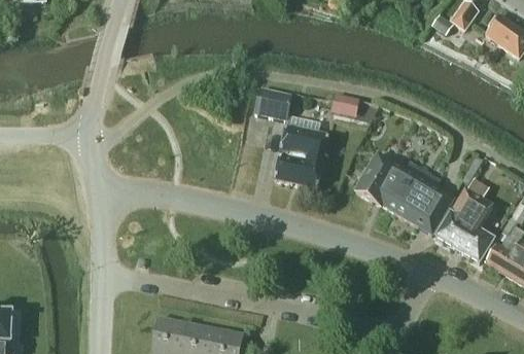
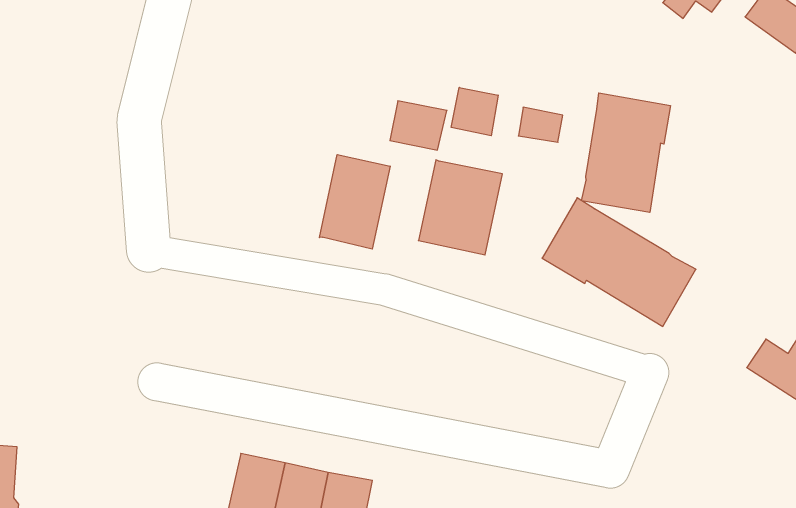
building: none -> [451,87,498,136]
building: none -> [582,93,670,212]
building: none -> [319,155,390,249]
building: [435,186,493,261] -> none

